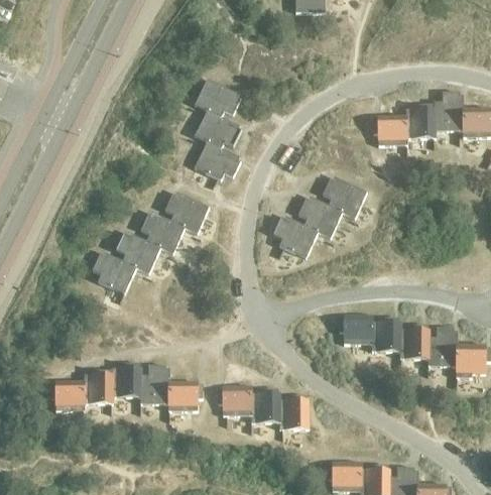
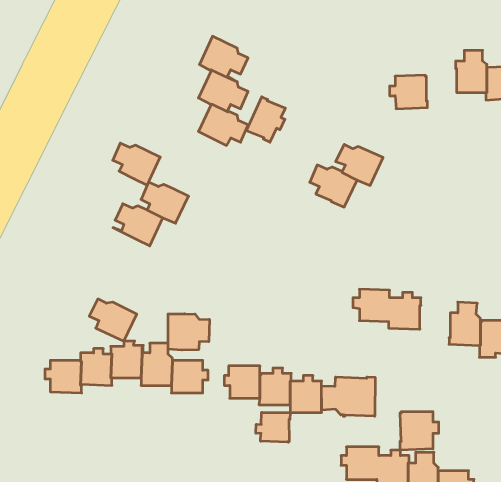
building: [405,104,436,138] -> none
building: none -> [246,97,285,142]
building: [164,194,209,233] -> [113,143,160,185]
building: [273,218,318,257] -> none
building: [92,253,136,292] -> [89,299,137,341]
building: [399,324,429,359] -> none
building: none -> [168,314,209,350]
building: none -> [322,377,375,416]
building: none -> [400,412,439,450]
building: none -> [256,412,290,442]

